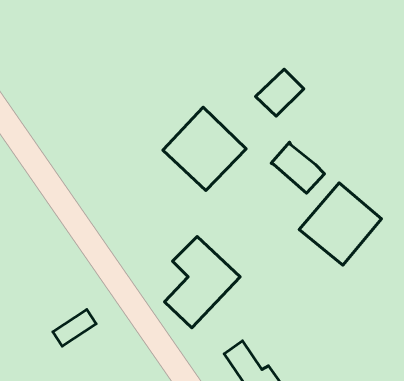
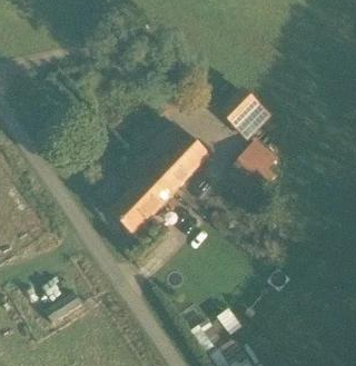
building: [299,183,381,265] -> none
building: [165,236,240,328] -> [113,156,178,234]

